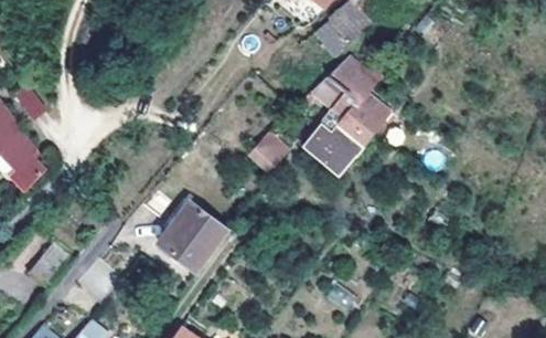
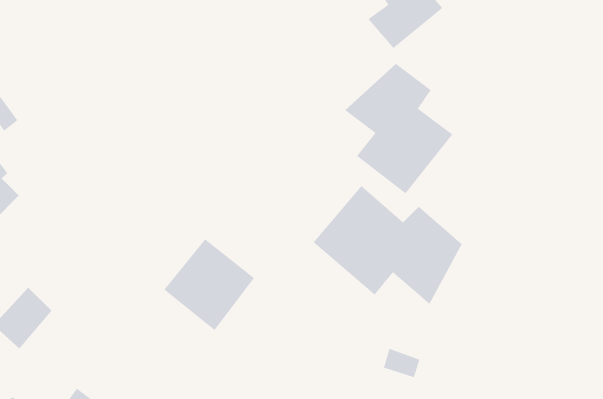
building: [247,131,291,176] -> none
building: none -> [313,185,462,305]

